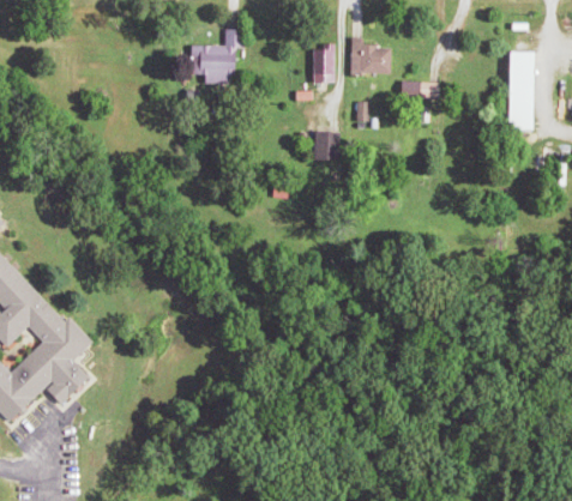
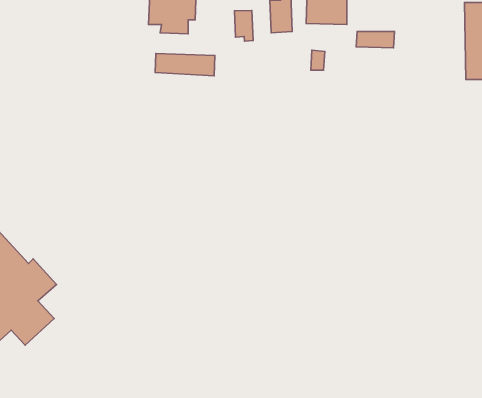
building: none -> [235,10,253,41]
building: none -> [155,53,215,76]
building: [313,132,338,161] -> none

